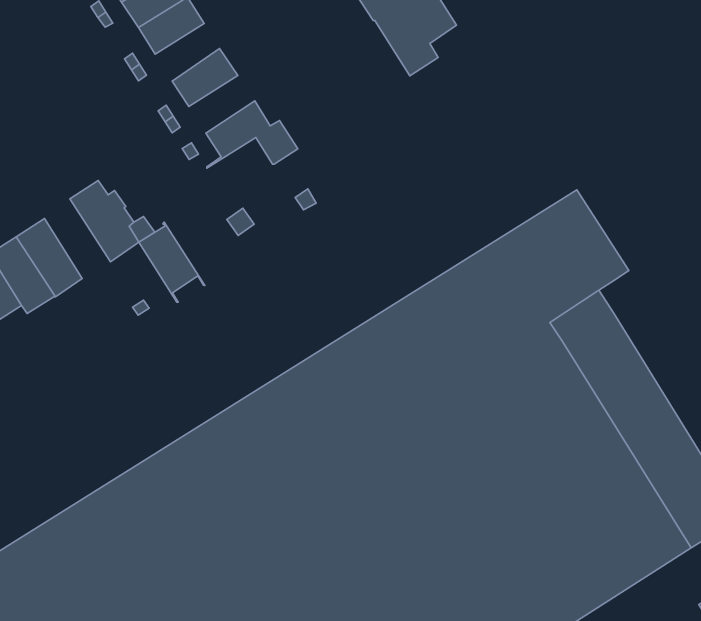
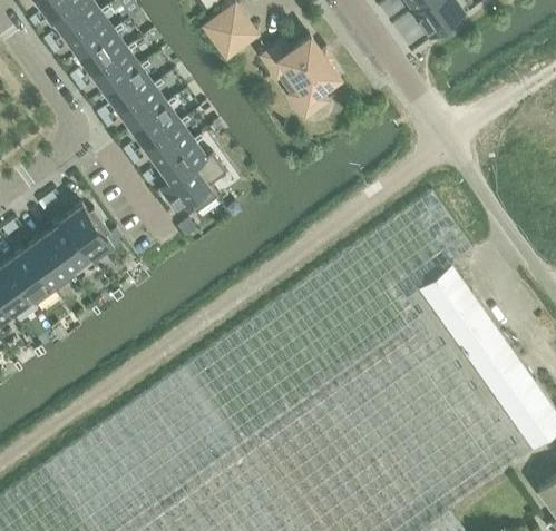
building: none -> [117,85,164,128]
building: none -> [144,121,192,165]
building: none -> [159,166,216,213]
building: [139,222,205,302] -> [42,218,92,276]

